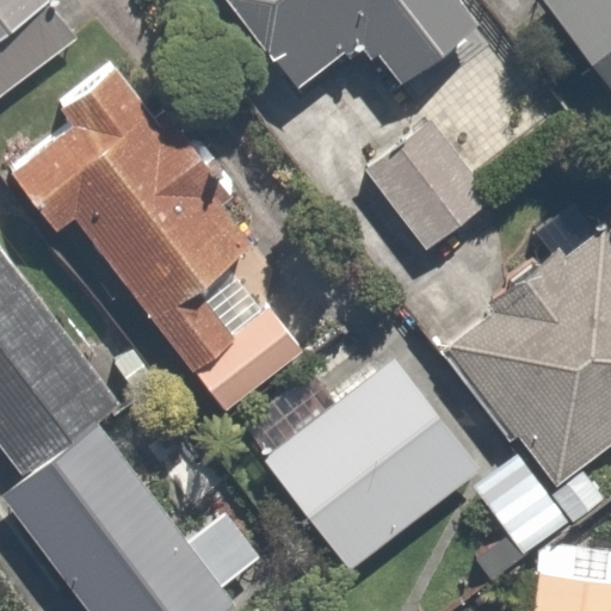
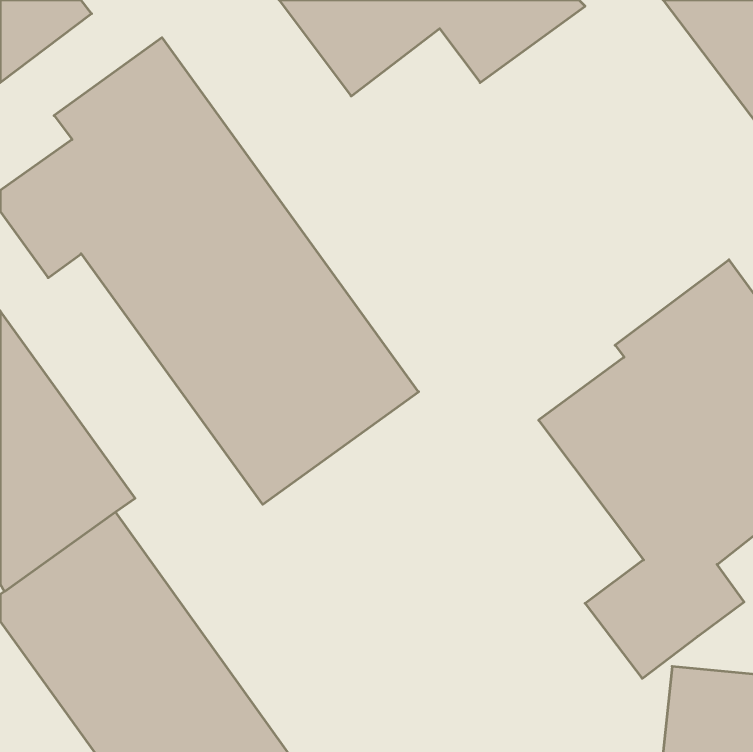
building: [360,123,492,257] -> none
building: [260,352,487,572] -> none

